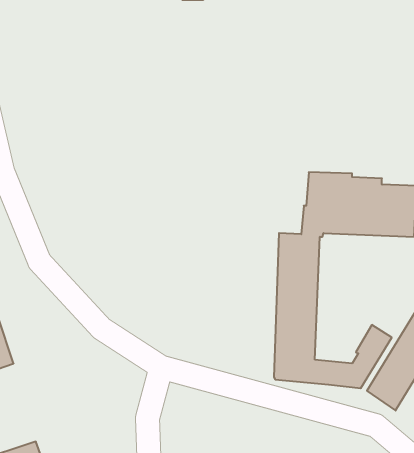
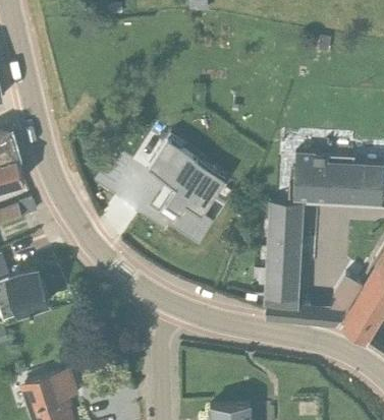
building: none -> [156,135,224,241]

